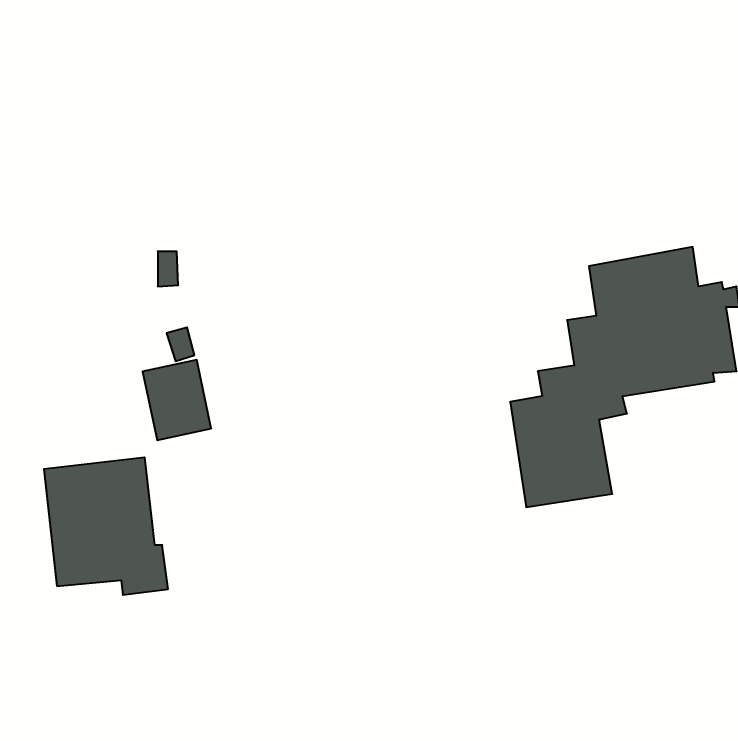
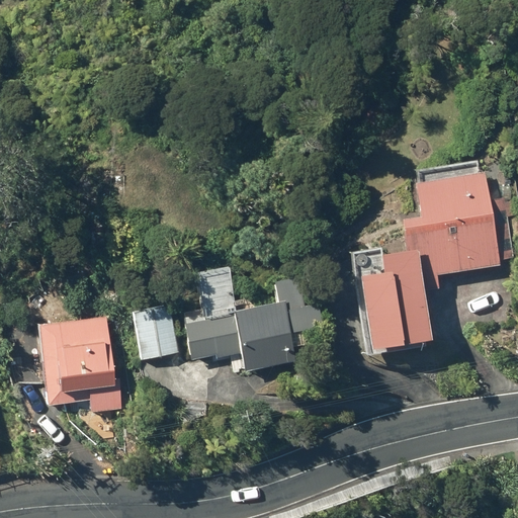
building: [143,360,211,440] -> [132,304,179,359]
building: none -> [183,275,324,371]

